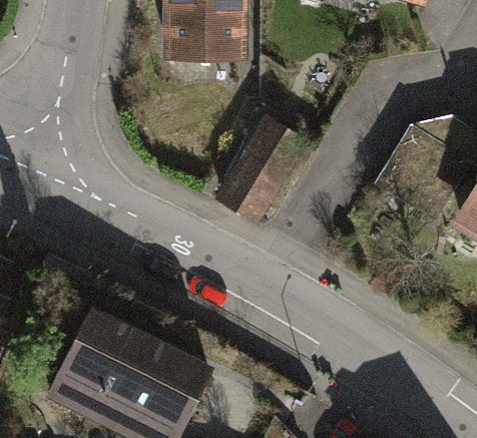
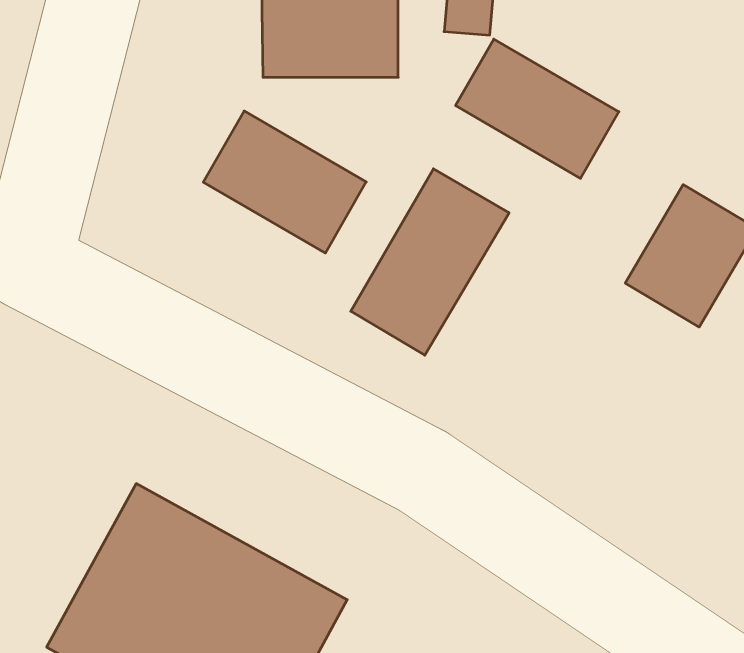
building: none -> [456,39,619,178]
building: none -> [203,111,366,253]

